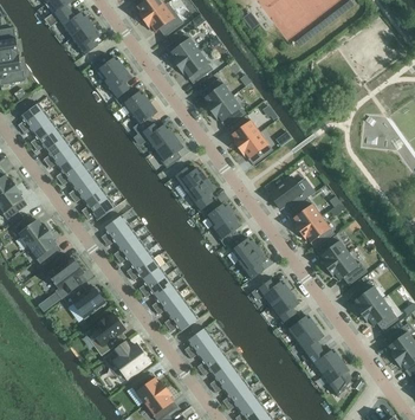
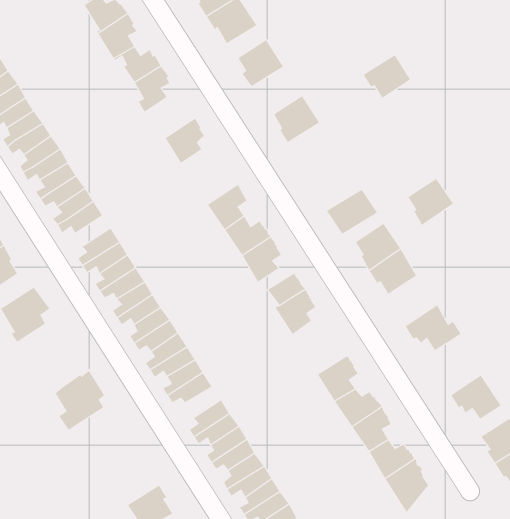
building: [212,96,245,127] -> none
building: [135,122,175,150] -> none
building: [239,133,272,163] -> [363,54,411,98]
building: [174,167,207,198] -> none
building: [317,235,349,269] -> [408,178,454,226]
building: [252,278,290,305] -> none
building: [350,280,382,314] -> none
building: [64,284,105,317] -> none
building: [103,342,150,379] -> none
building: [132,371,167,403] -> none

